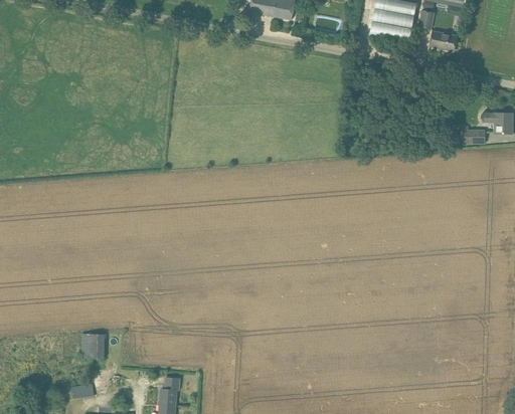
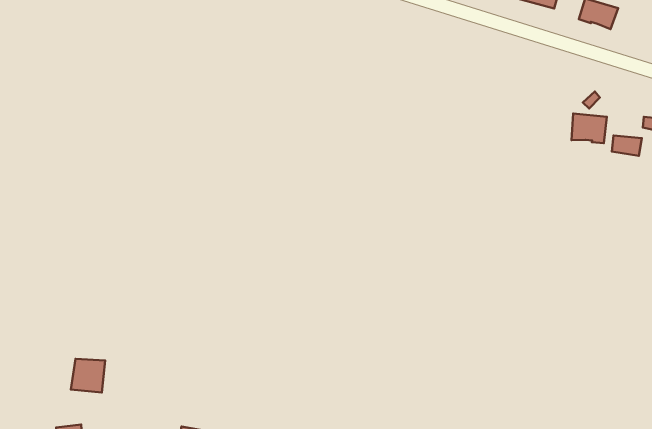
building: none -> [572,114,607,143]

